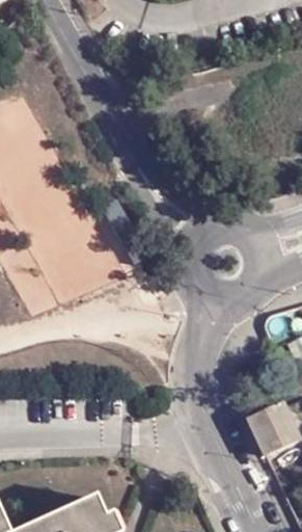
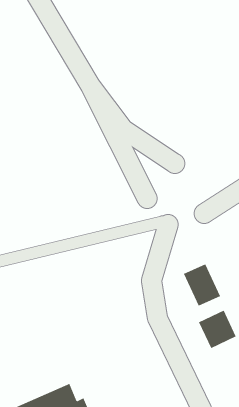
building: none -> [183,263,221,307]

